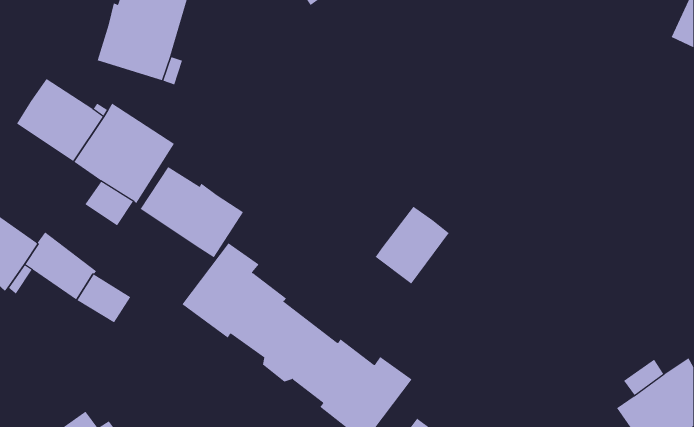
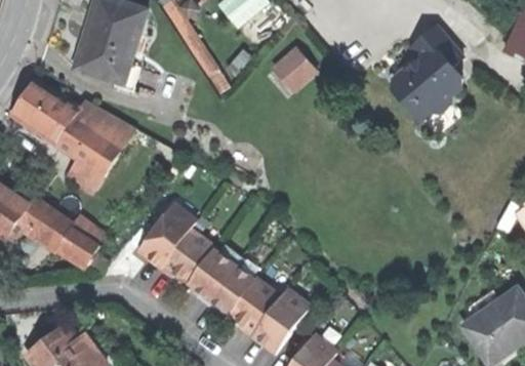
building: none -> [392,28,461,116]
building: none -> [272,48,315,91]
building: [140,166,244,258] -> none
building: [375,206,450,284] -> none

